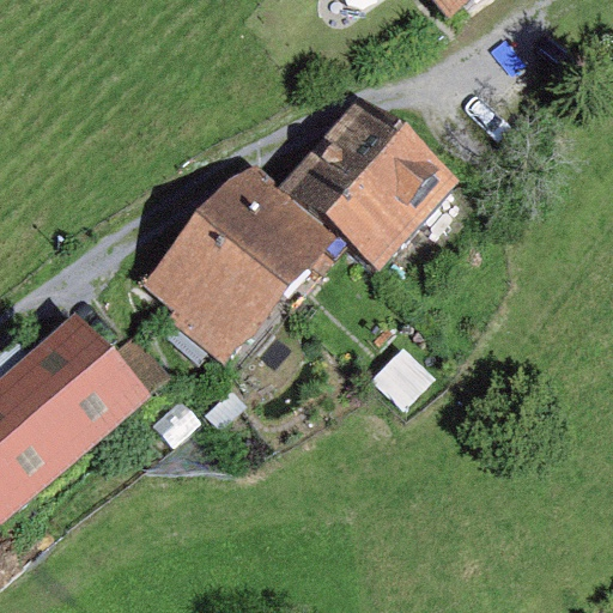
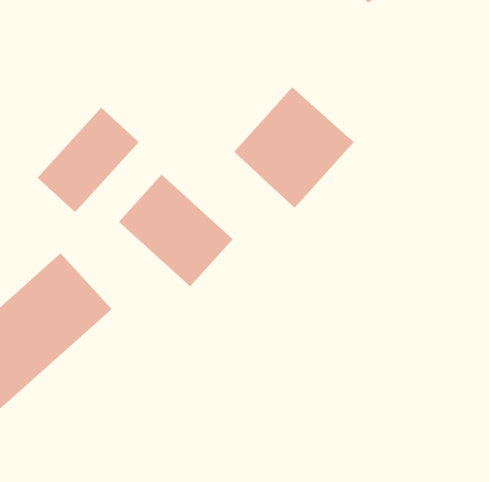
building: none -> [37,107,139,213]
building: [201,158,345,298] -> none

